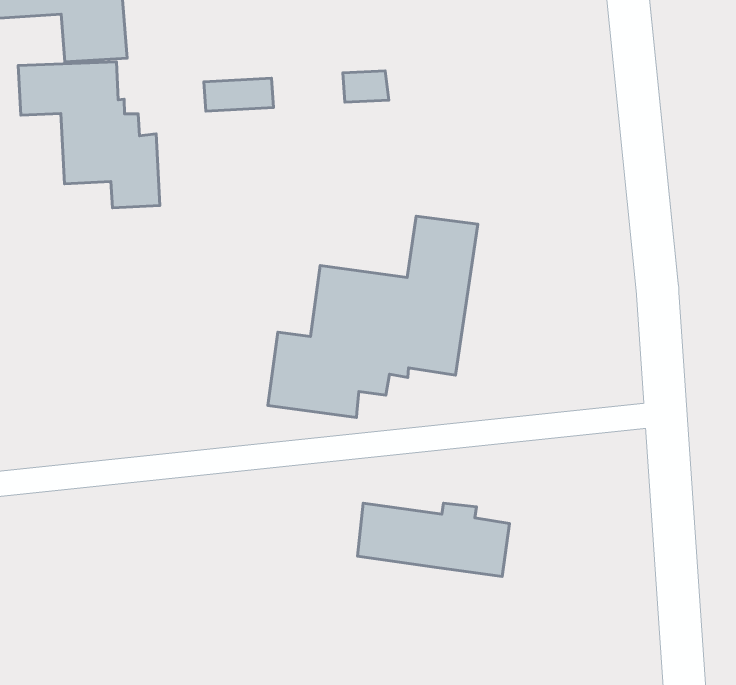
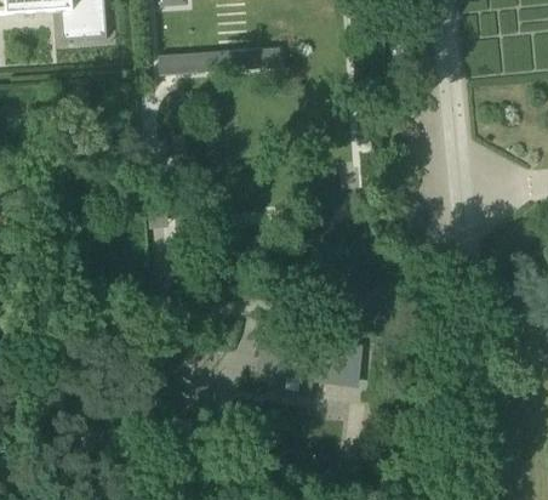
building: [18,62,160,208] -> none
building: [268,216,478,417] -> none

